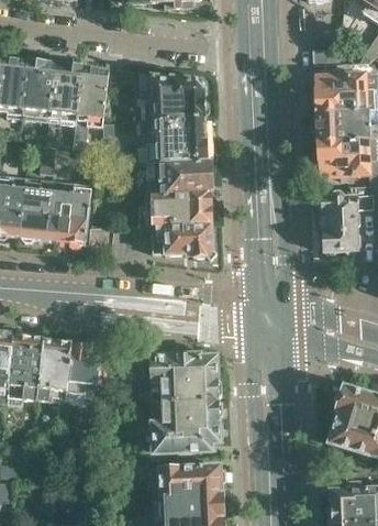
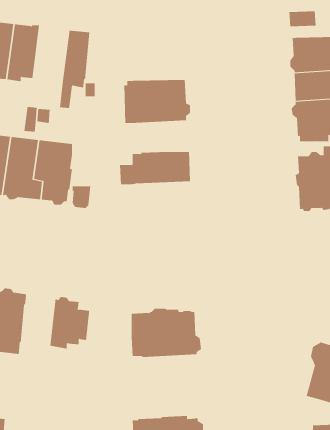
building: [51,62,87,124] -> none
building: [138,73,211,120] -> none
building: [149,160,211,193] -> none
building: [152,222,216,260] -> none
building: [36,337,73,401] -> none
building: [144,399,223,459] -> none

